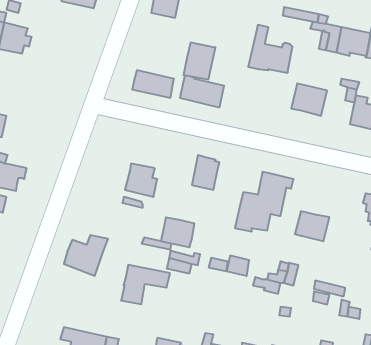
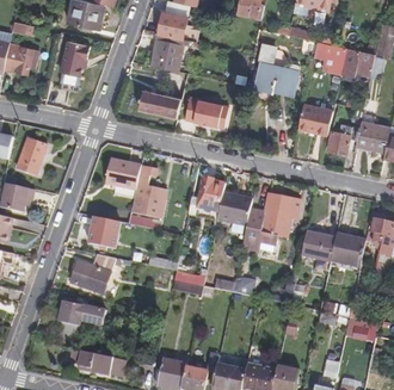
building: none -> [61,43,91,78]
building: [183,43,216,80] -> [149,33,181,70]
building: none -> [325,123,358,153]
building: none -> [17,140,43,177]
building: none -> [105,159,140,191]
building: none -> [88,216,124,249]
building: none -> [328,234,364,267]
building: [161,217,194,247] -> [217,192,251,222]
building: [121,265,170,304] -> [55,302,104,341]

